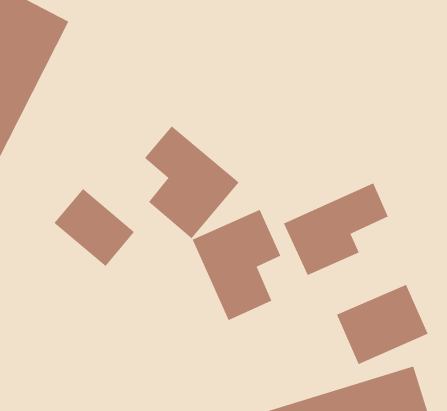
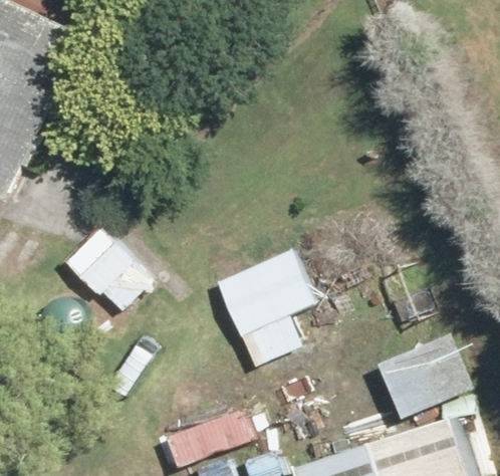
building: [144,126,239,239] -> none
building: [283,183,388,276] -> none

